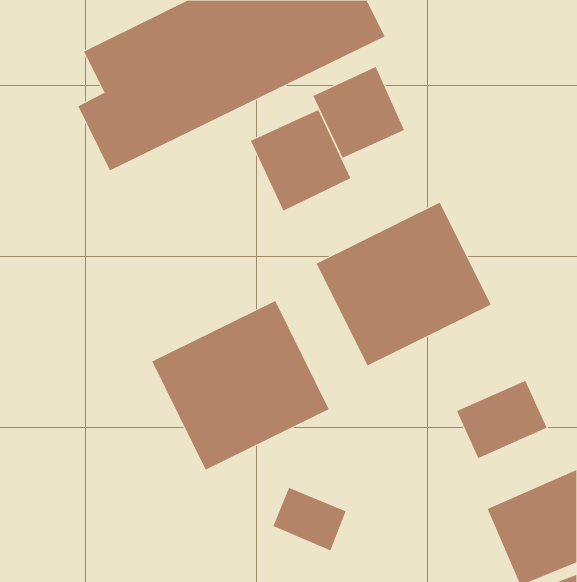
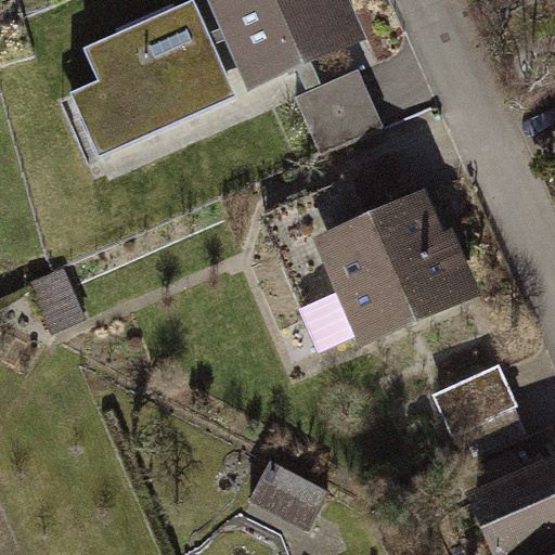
building: [250,109,351,212] -> none
building: [151,300,329,470] -> none

